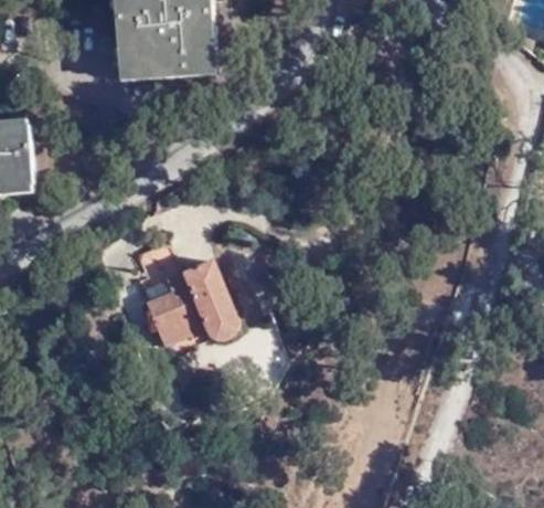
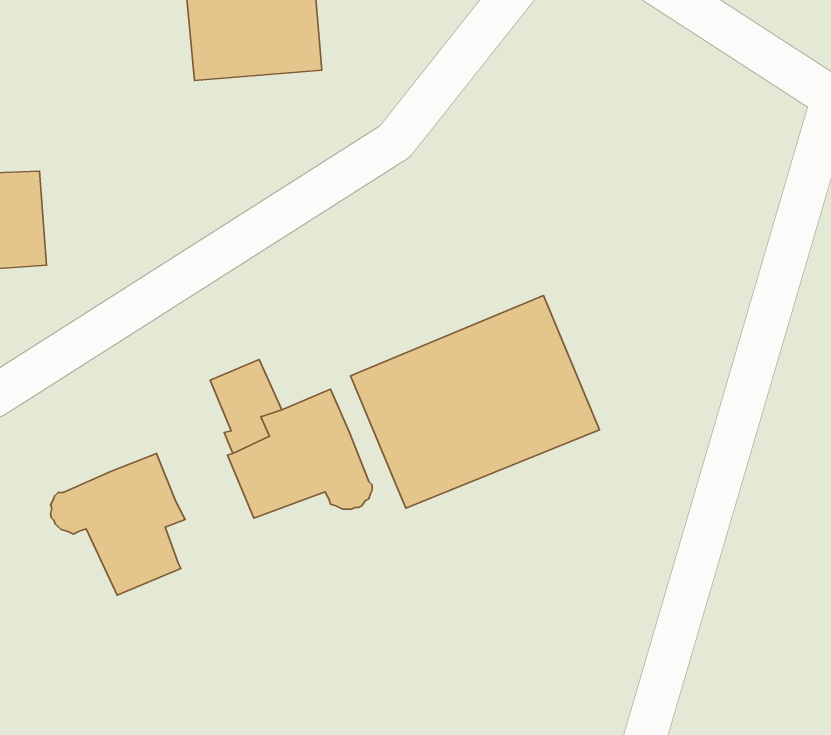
building: none -> [351,296,600,508]
building: none -> [50,453,185,595]

